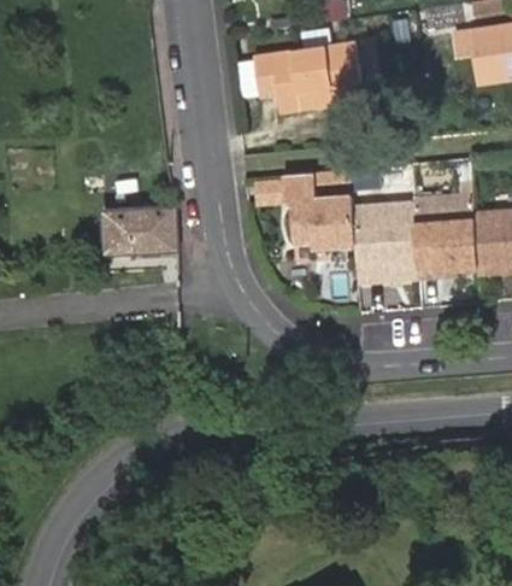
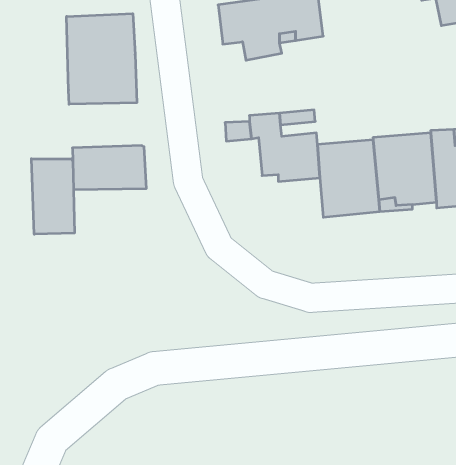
building: none -> [67,14,137,104]
building: none -> [31,159,74,234]

